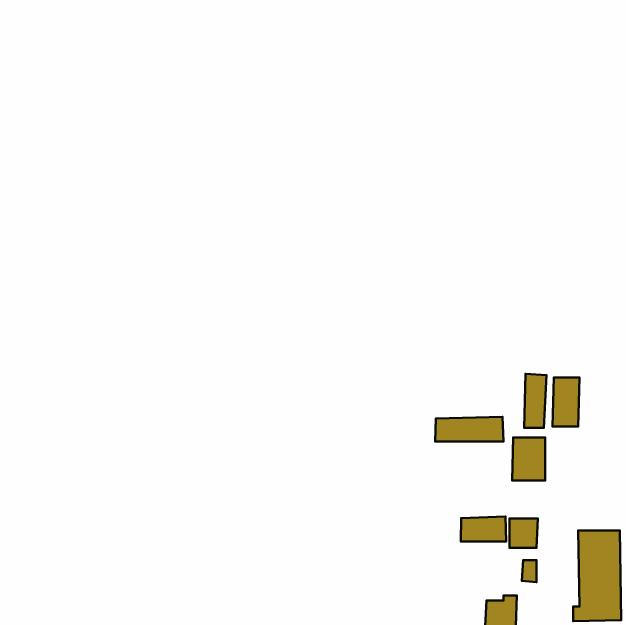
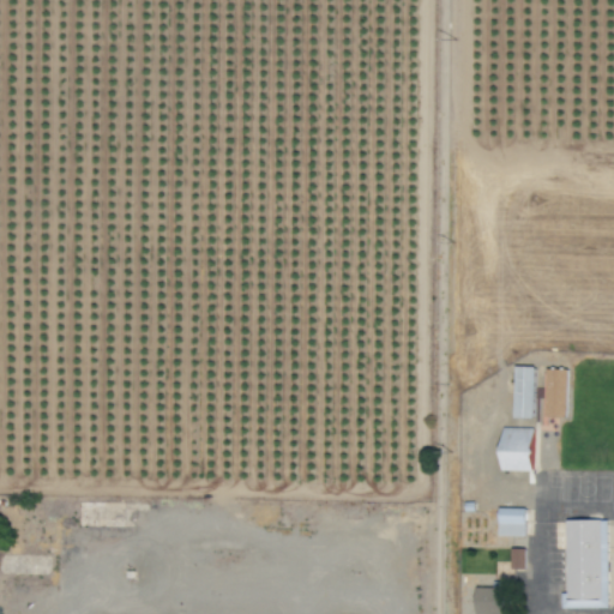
building: [435,417,503,441] -> none
building: [461,517,506,541] -> none

